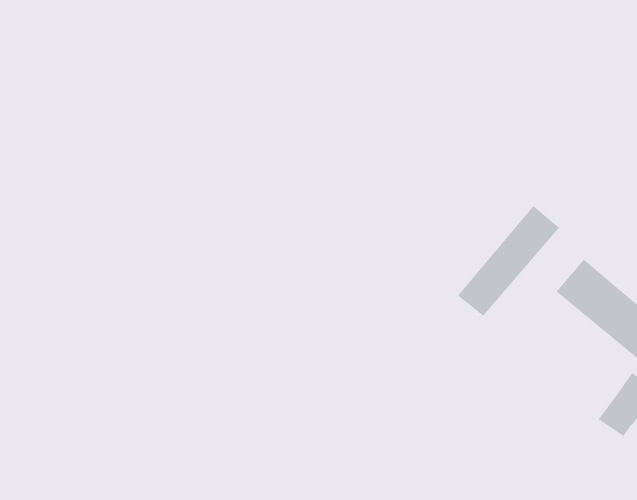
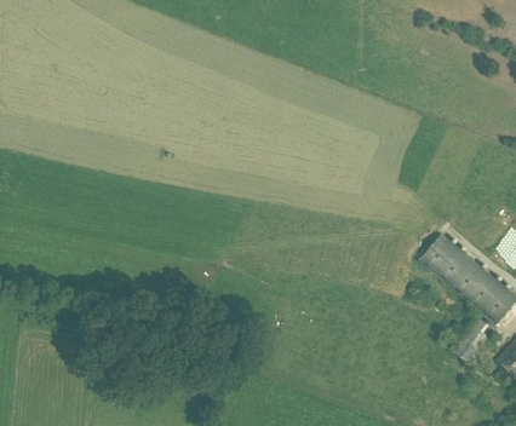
building: [457,205,560,317] -> none

